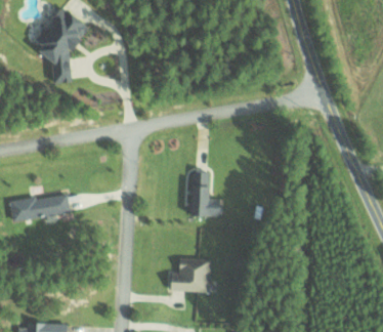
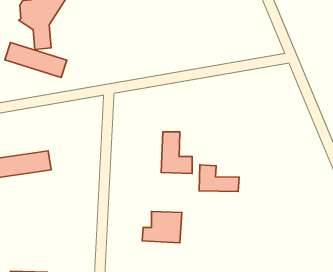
building: none -> [5,42,67,77]
building: none -> [199,165,239,191]

